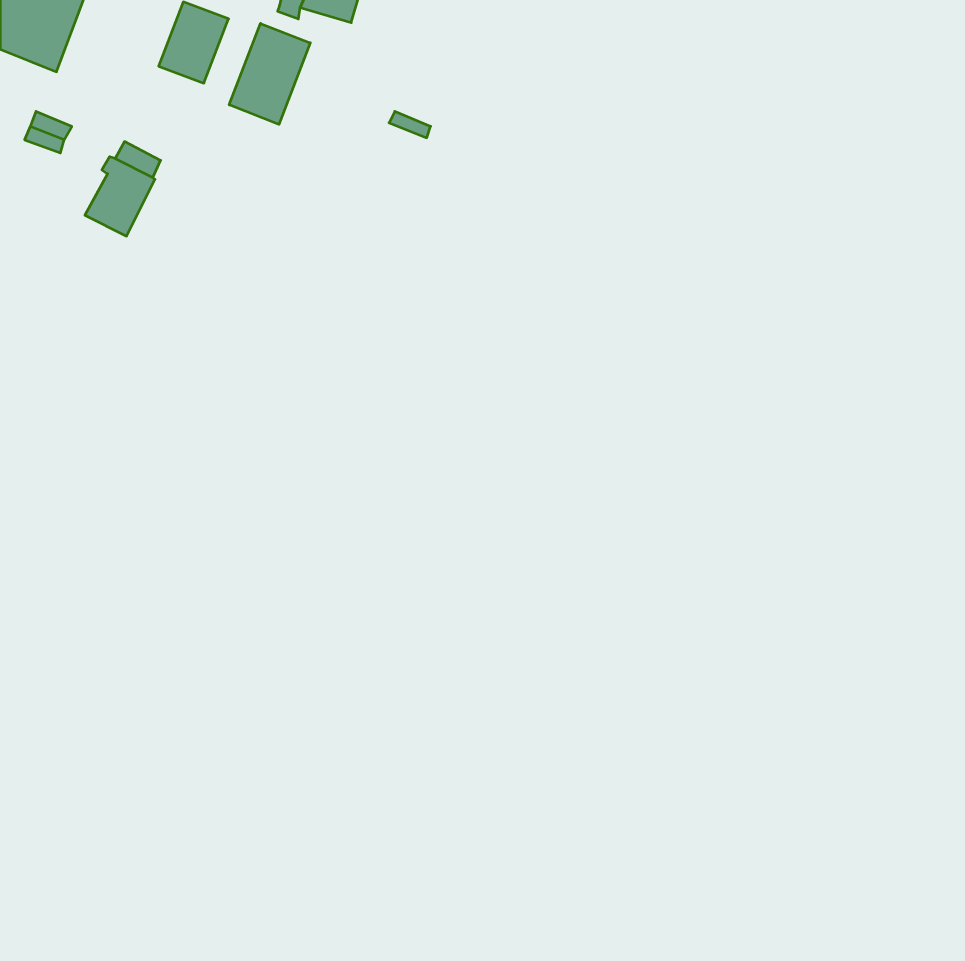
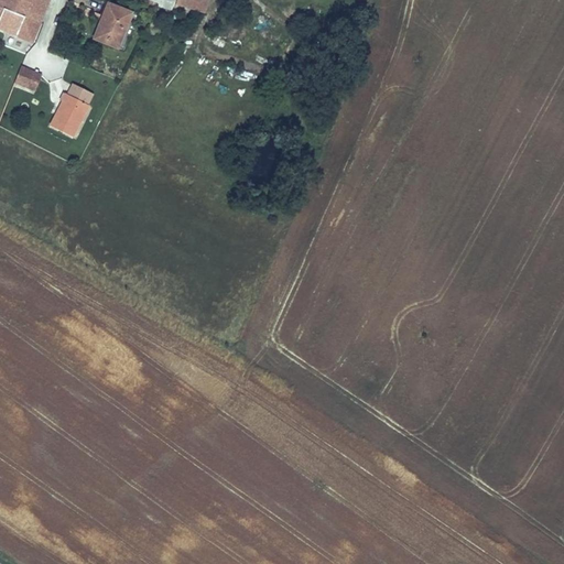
building: [229,23,310,124] -> none

